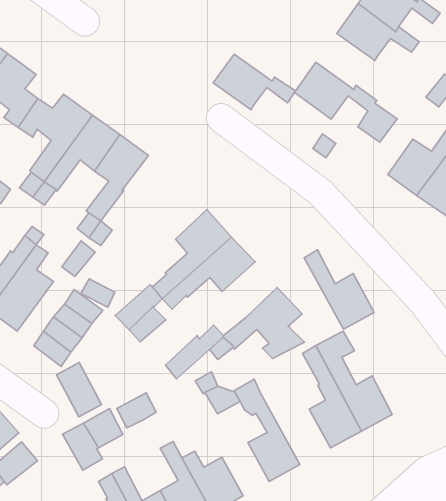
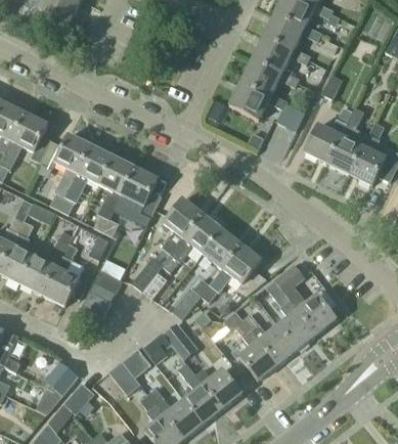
building: [213,54,295,110] -> [240,59,299,96]
building: none -> [121,167,162,219]
building: [304,250,374,329] -> [241,312,297,364]
building: none -> [203,228,240,268]
building: [57,362,101,417] -> [163,321,197,359]

